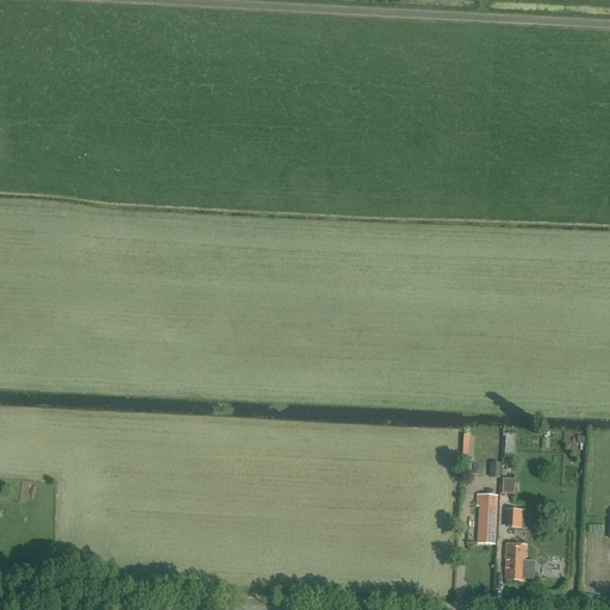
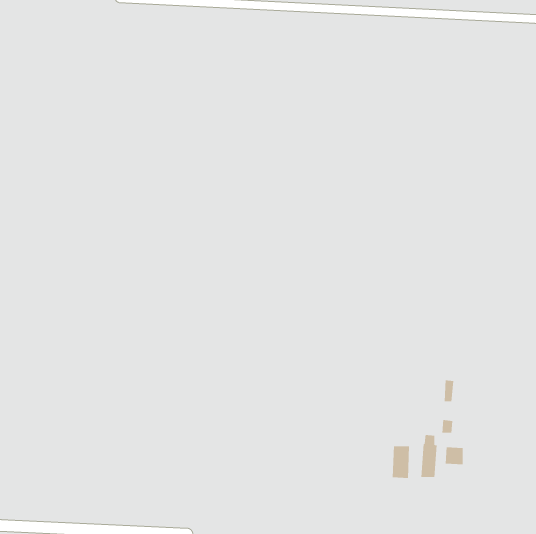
building: [505,543,525,580] -> [392,446,410,478]

